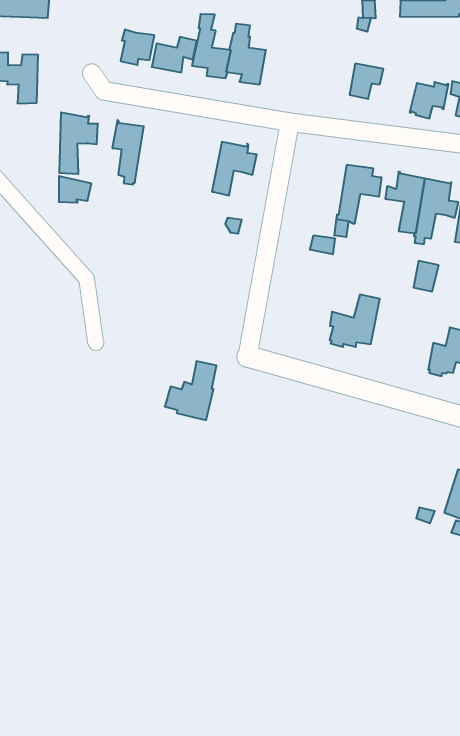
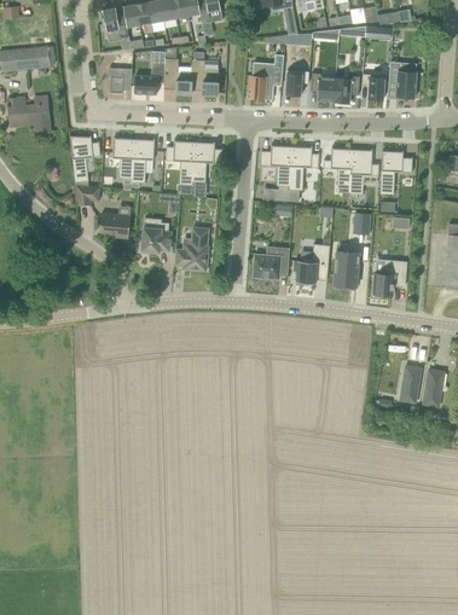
building: none -> [249,54,284,99]
building: none -> [311,72,336,103]
building: none -> [132,139,155,187]
building: none -> [166,140,195,185]
building: none -> [261,145,291,186]
building: none -> [100,213,131,238]
building: none -> [140,222,172,253]
building: none -> [254,246,290,279]
building: none -> [335,254,360,289]
building: [165,361,217,420] -> [174,227,209,271]

